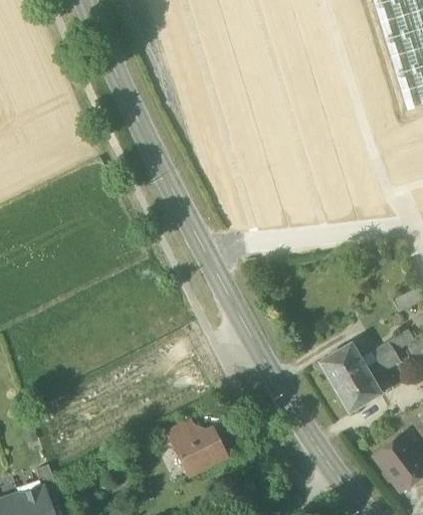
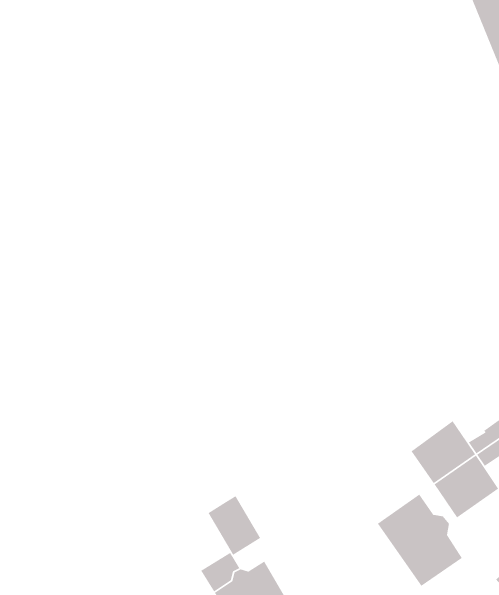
building: none -> [207,495,261,556]
building: none -> [377,493,463,587]

